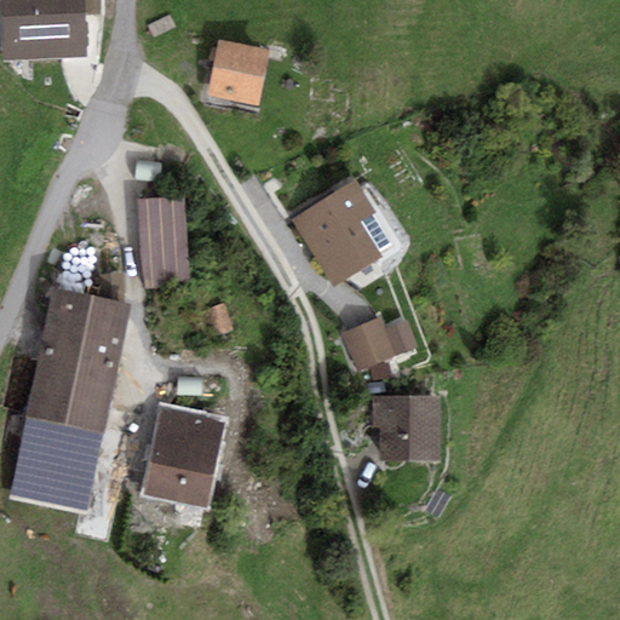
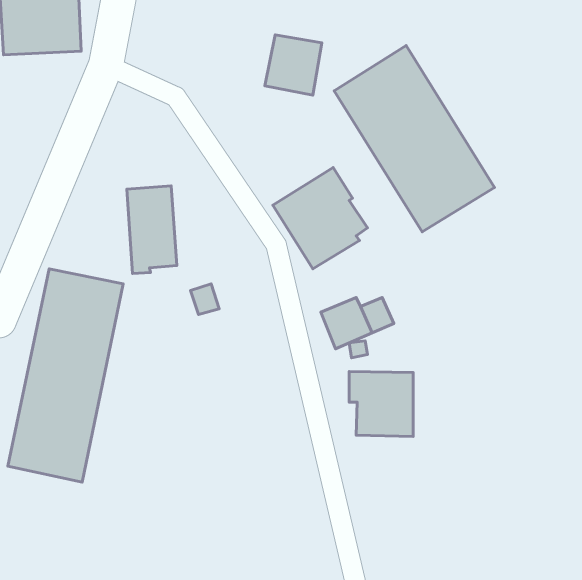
building: [207,40,268,104] -> [265,35,322,95]
building: none -> [334,45,495,232]
building: [142,408,223,507] -> none

